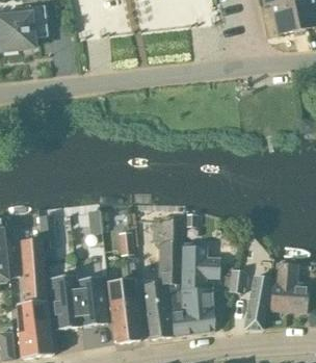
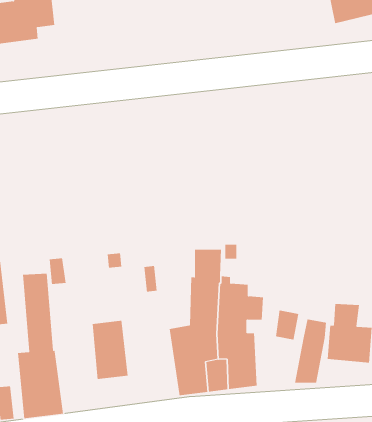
building: [50,275,81,329] -> none
building: [109,280,140,343] -> none

